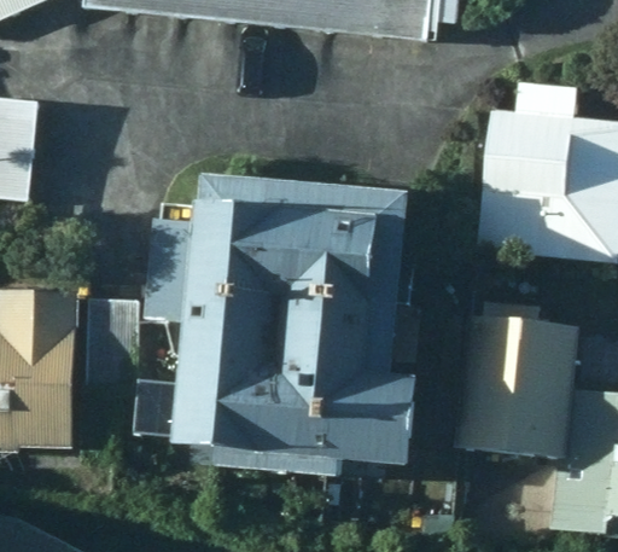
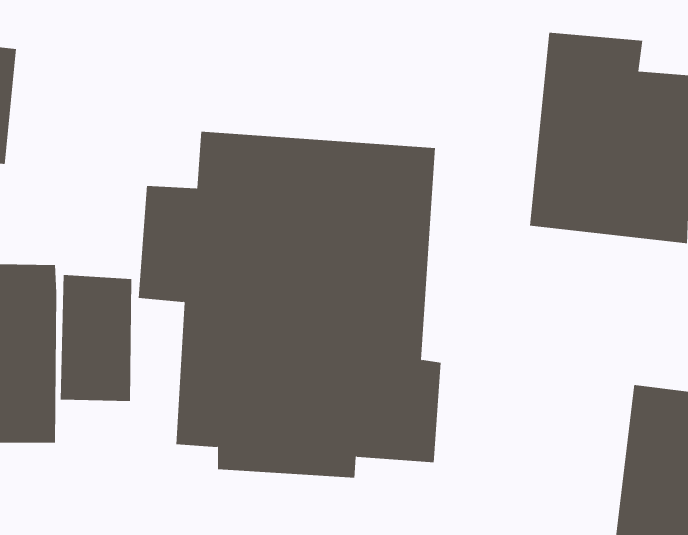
building: [455,304,575,459] -> none

